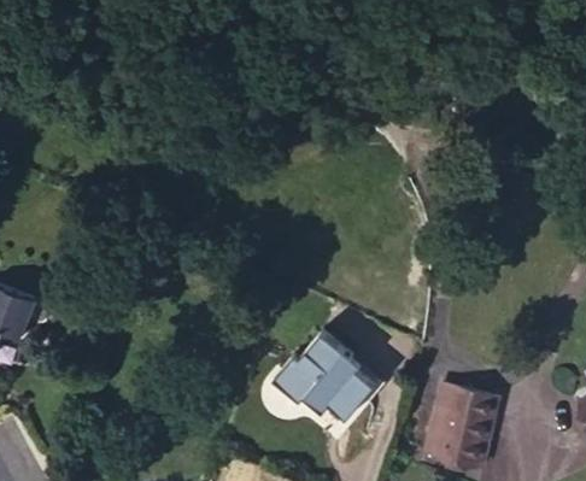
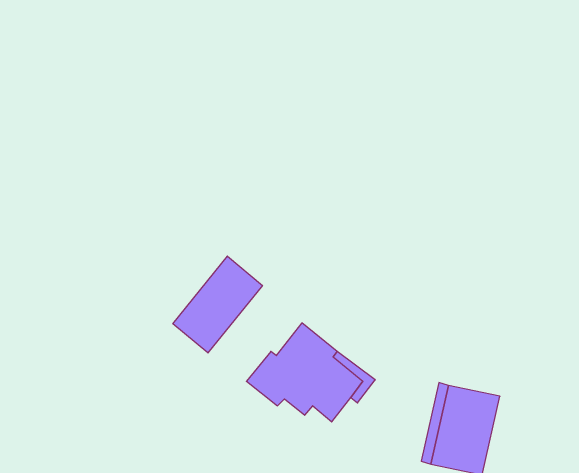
building: none -> [173,256,262,353]

